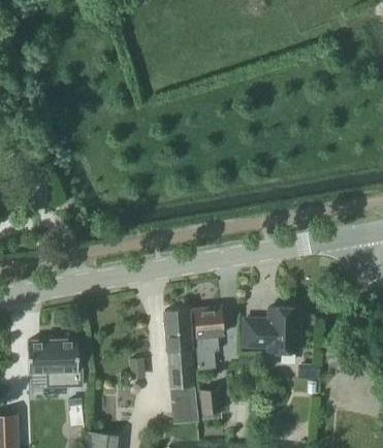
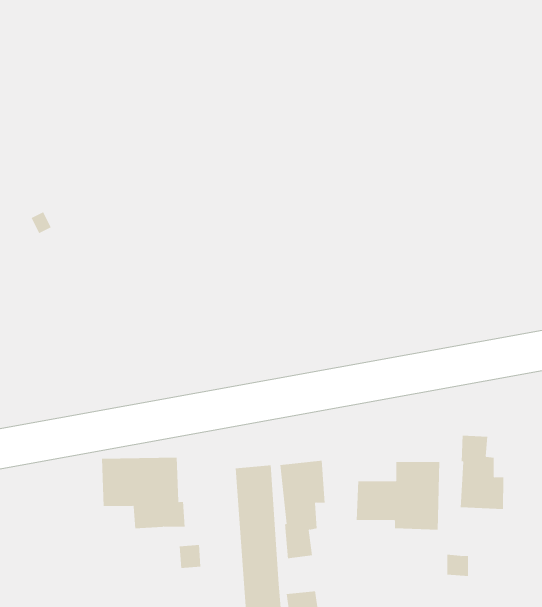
building: none -> [460,435,504,510]
building: [26,342,81,388] -> [101,457,185,529]

